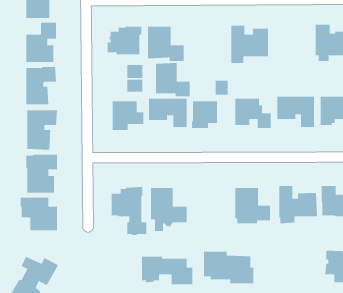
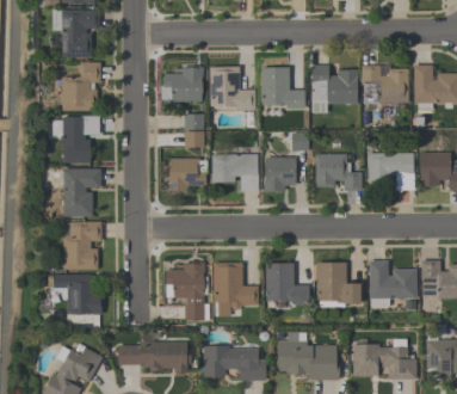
building: none -> [362,66,409,103]
building: [155,62,190,97] -> [263,67,305,109]
building: none -> [265,263,310,306]
building: none -> [353,339,416,380]
building: none -> [118,341,191,373]

